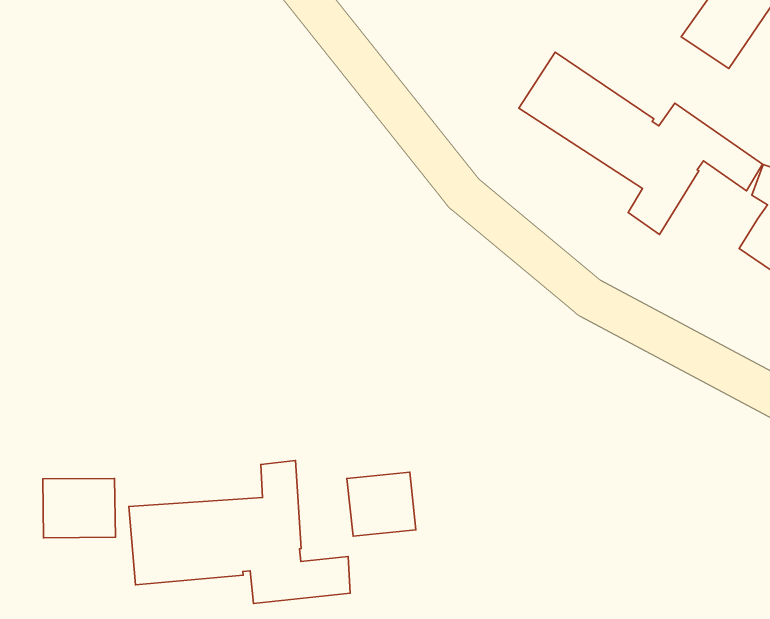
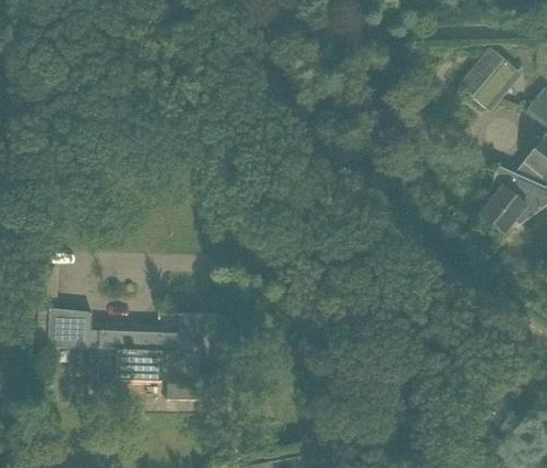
building: [519,52,762,234] -> none
building: [347,472,416,536] -> none

